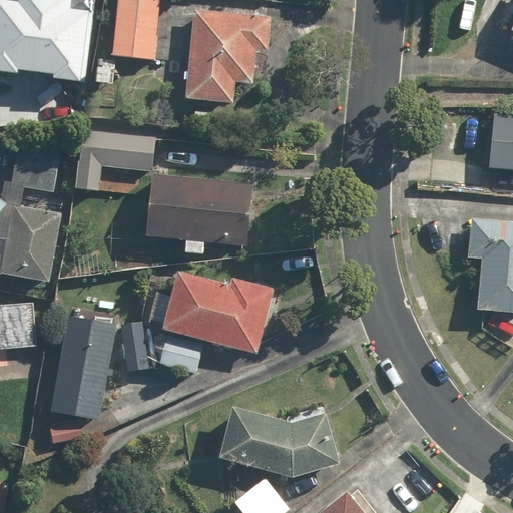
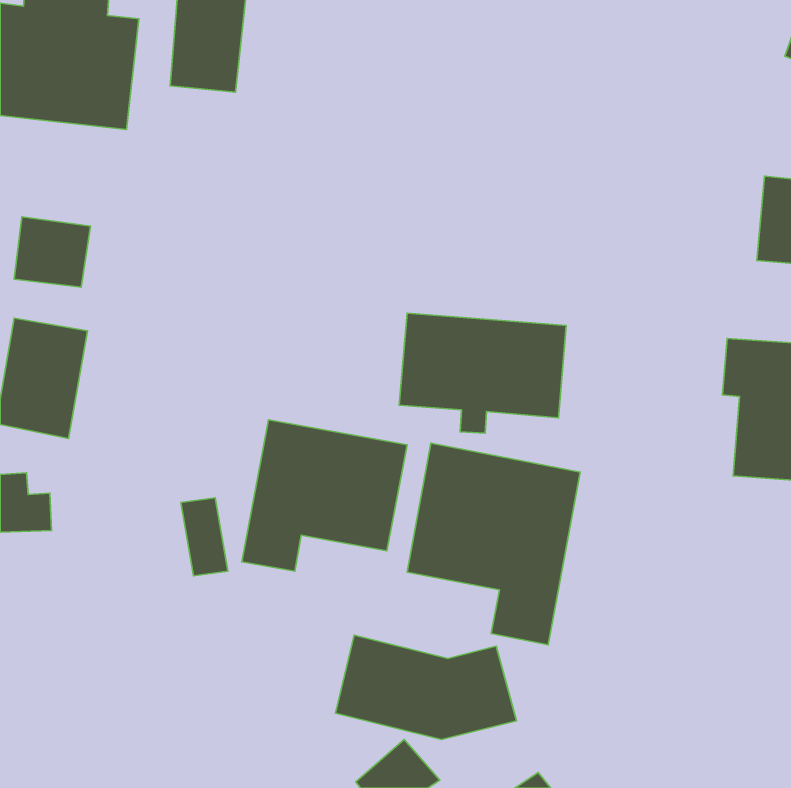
building: [184,10,270,102] -> none
building: [74,130,154,190] -> none
building: [144,176,251,253] -> [399,313,566,433]
building: none -> [407,443,580,645]
building: [45,315,115,421] -> none

